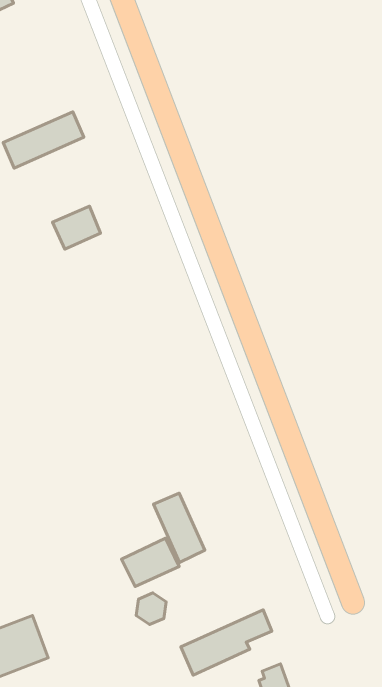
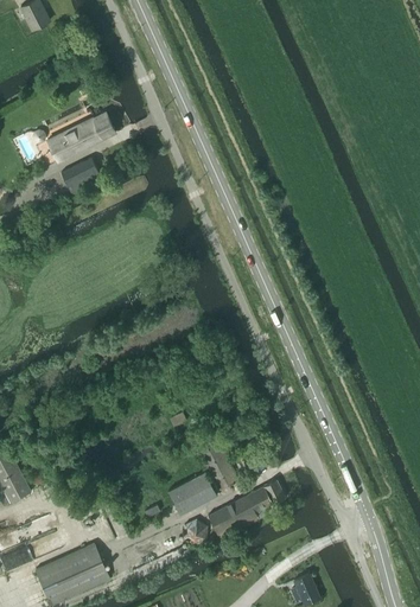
building: [52,206,100,249] -> [61,156,102,194]
building: [181,610,272,675] -> [208,479,285,538]

